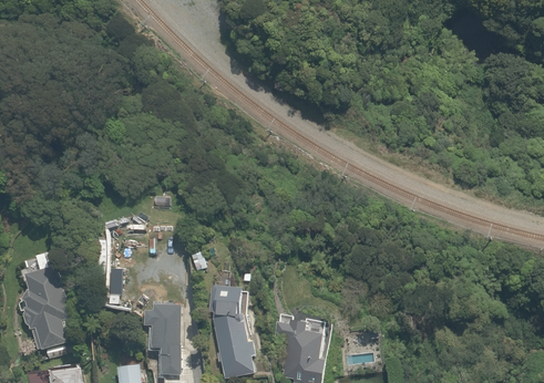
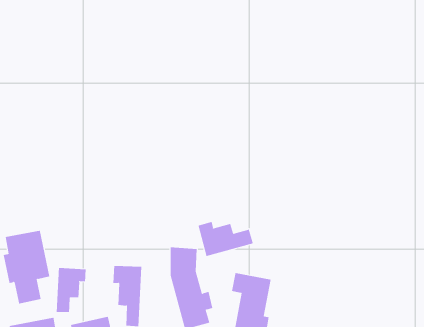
building: none -> [198,221,254,257]
building: none -> [56,267,86,313]

